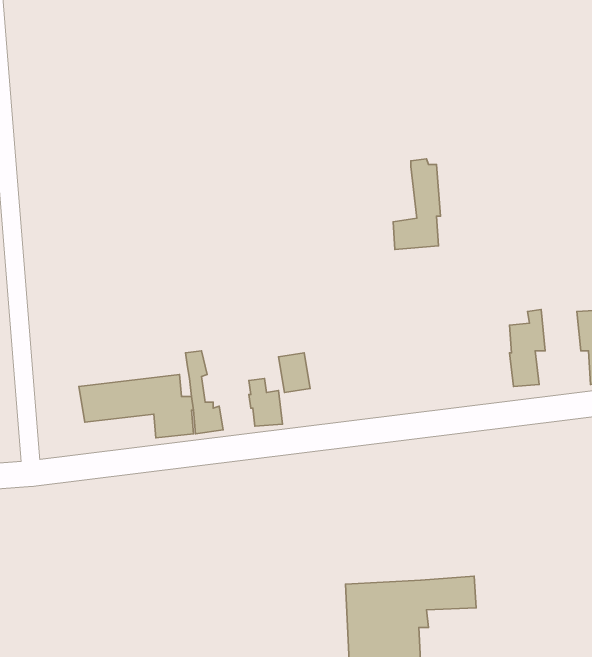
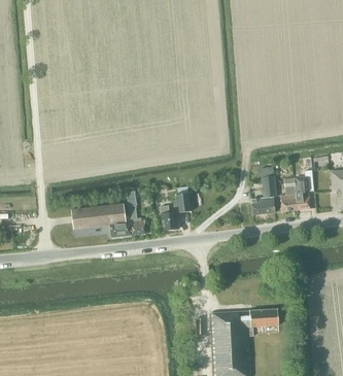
building: [393,159,440,250] -> [251,166,276,213]
building: none -> [280,177,298,210]

